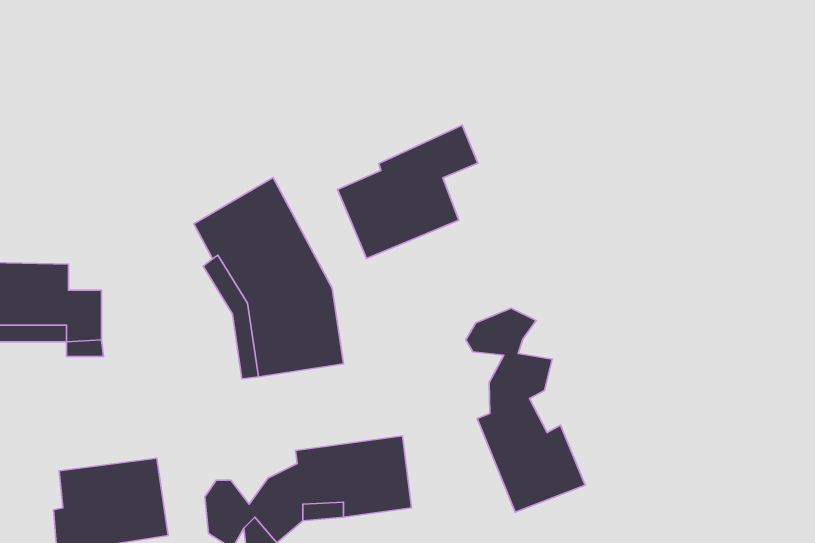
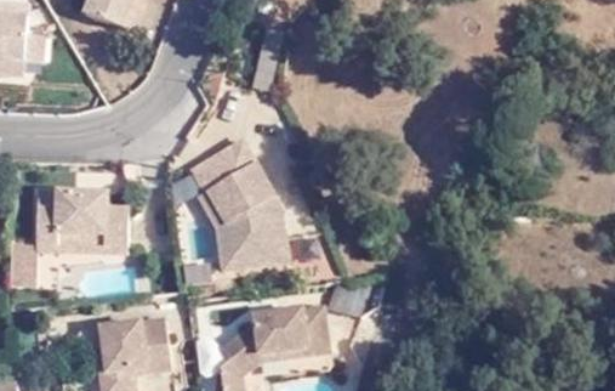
building: [338,125,478,258] -> none
building: [466,308,585,512] -> none

